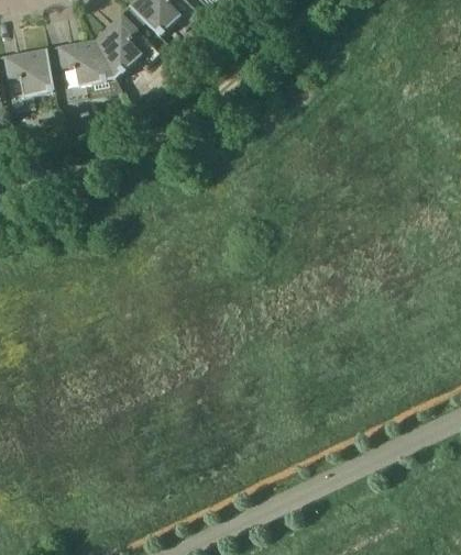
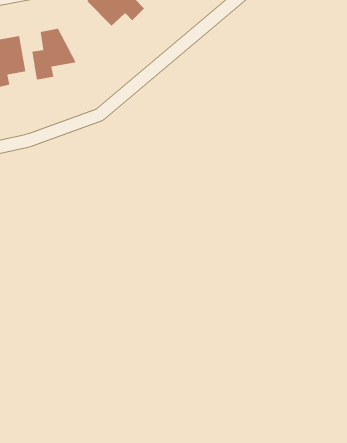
building: [92,21,160,79] -> none

